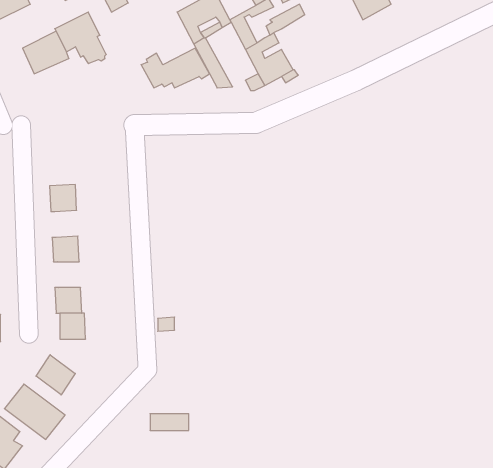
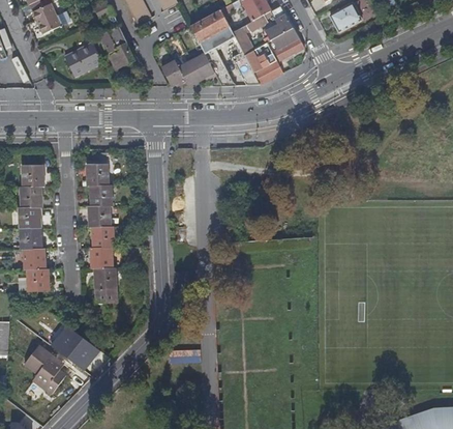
building: none -> [273,28,303,60]
building: none -> [91,185,113,207]
building: none -> [93,227,114,248]
building: [36,355,75,395] -> none

